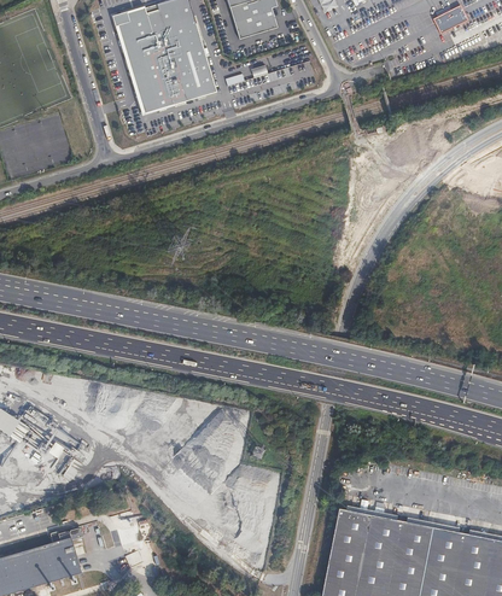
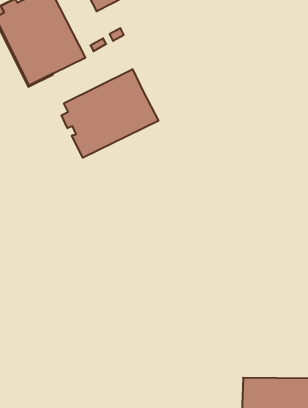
building: none -> [62,69,158,158]

